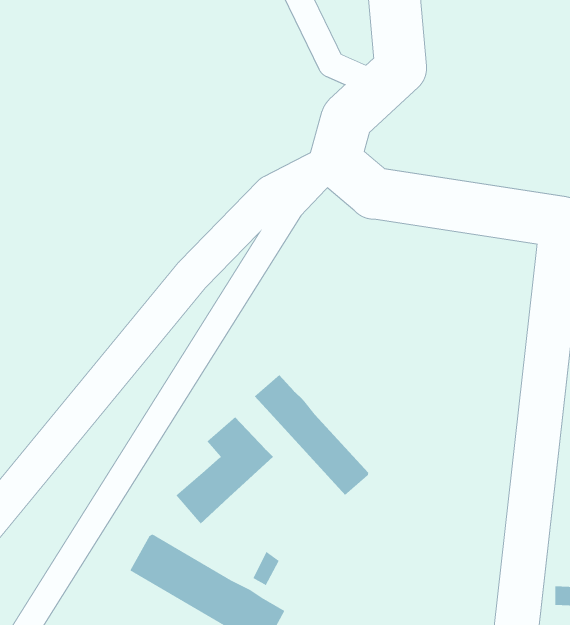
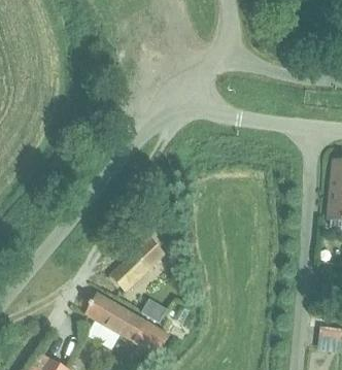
building: [254,374,369,496] -> none

